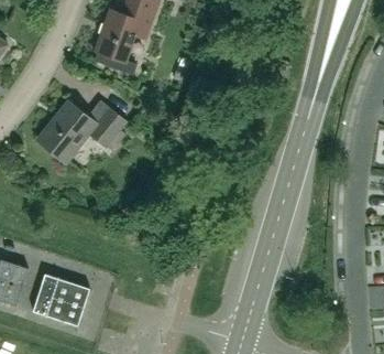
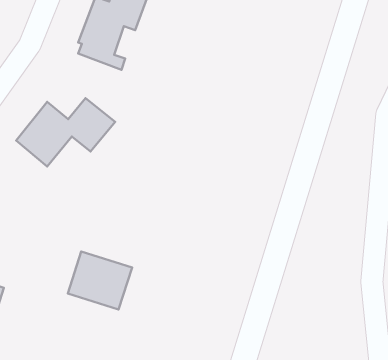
building: [33,275,90,326] -> [68,251,132,310]

